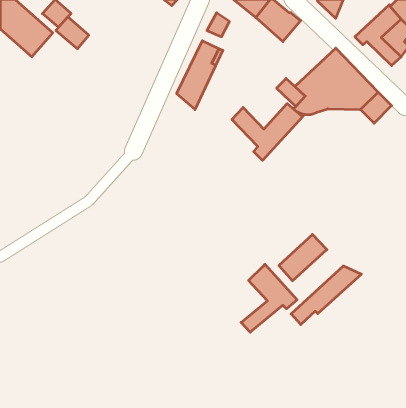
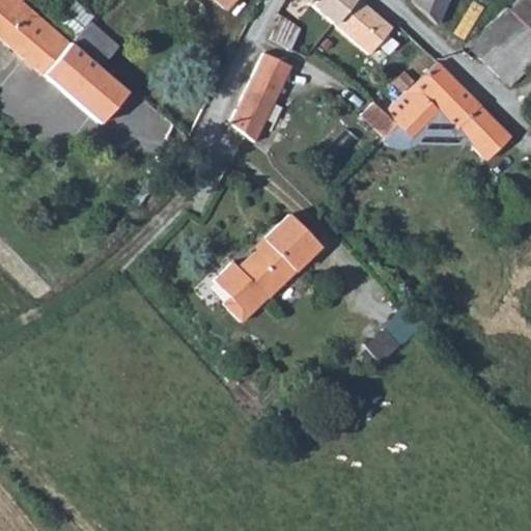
building: none -> [45,43,128,122]
building: [232,104,303,160] -> none
building: none -> [215,214,320,322]
building: [241,264,297,332] -> none
building: [291,266,361,325] -> none

